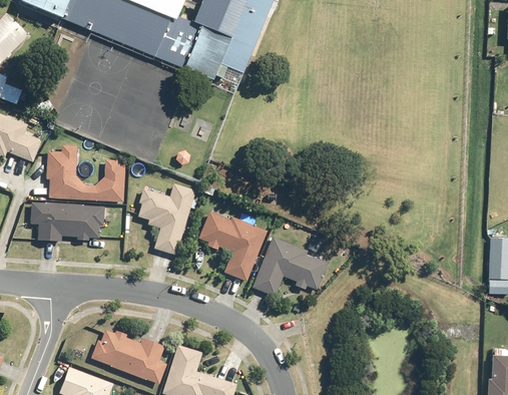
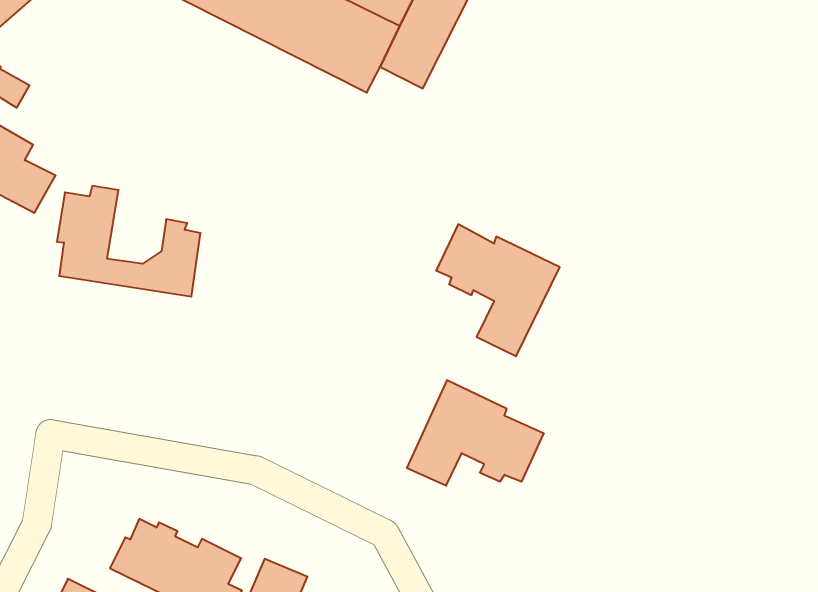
building: [137,181,196,255] -> none
building: [30,201,105,241] -> none
building: [198,211,268,282] -> [436,224,560,356]

